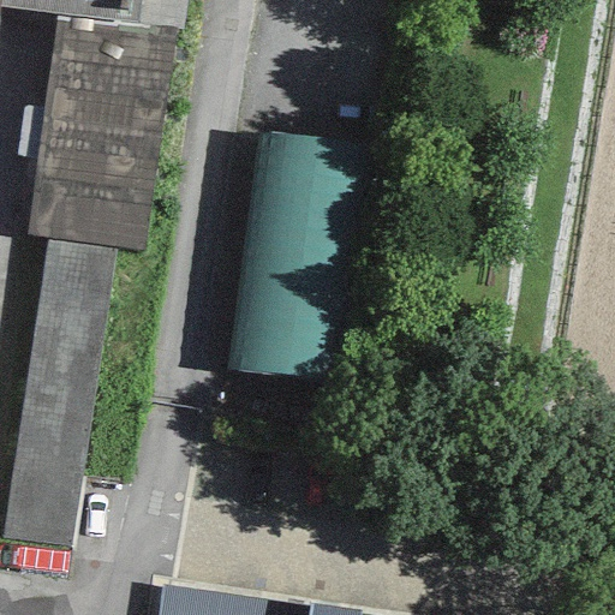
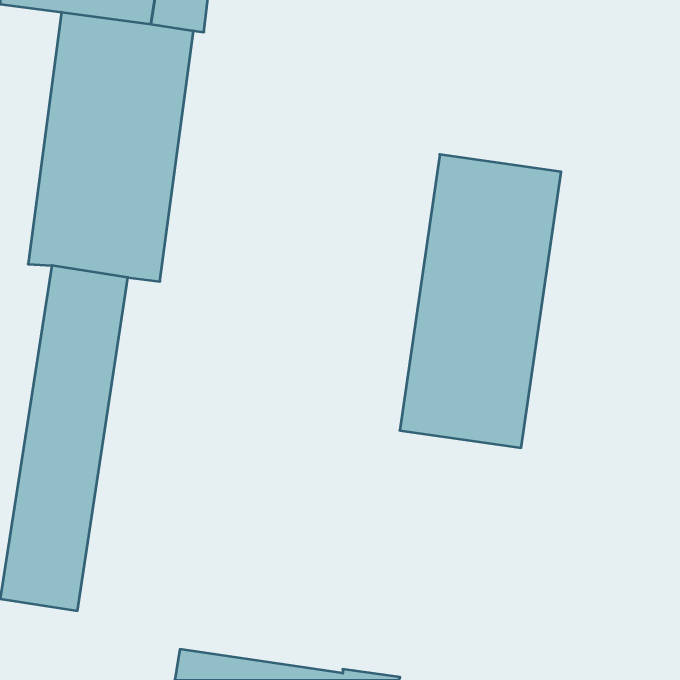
building: [225,129,370,393] -> [400,154,561,448]

